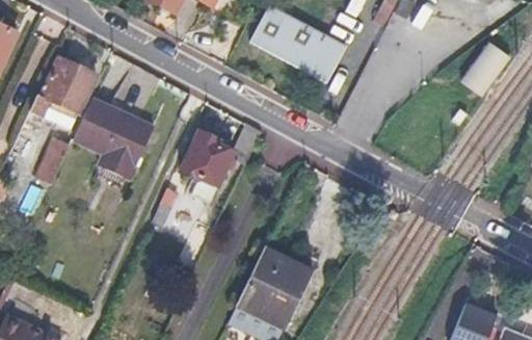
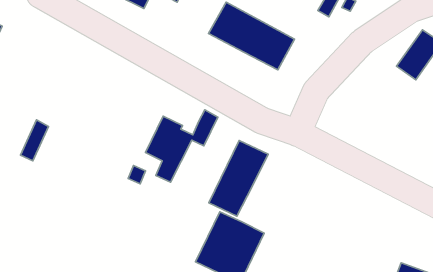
building: [30,57,96,129] -> none
building: [72,100,153,193] -> none
building: none -> [209,141,268,216]

